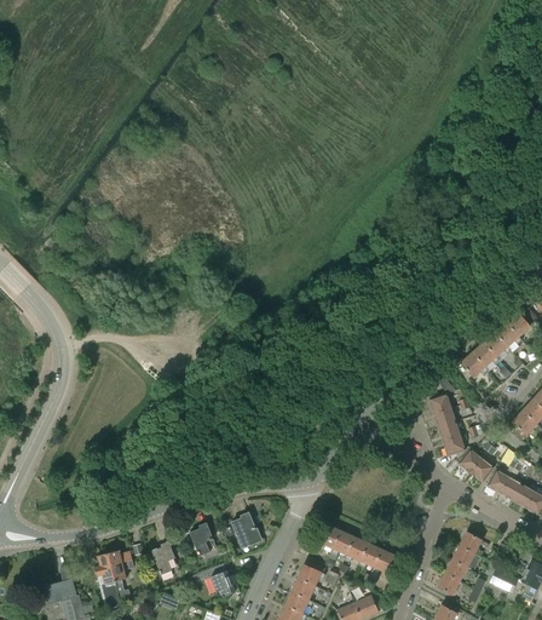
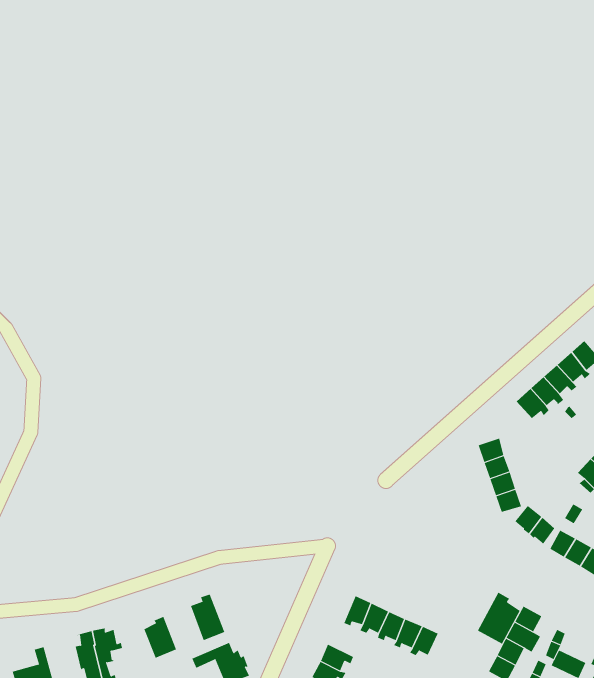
building: [231,512,261,550] -> none
building: none -> [477,592,521,644]

